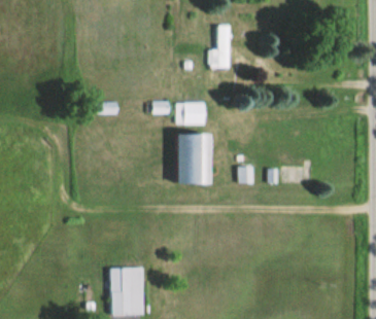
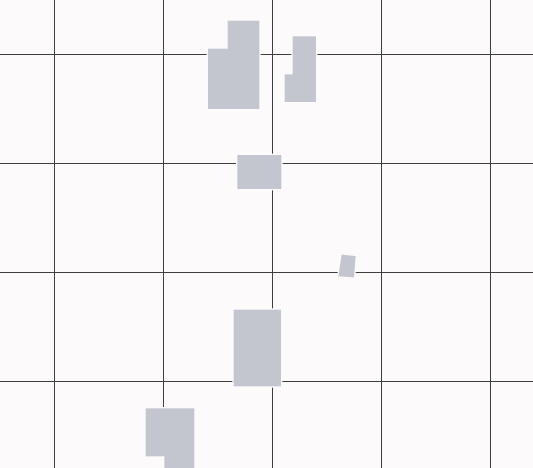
building: none -> [208,20,260,110]
building: [173,134,205,184] -> [233,309,282,387]

